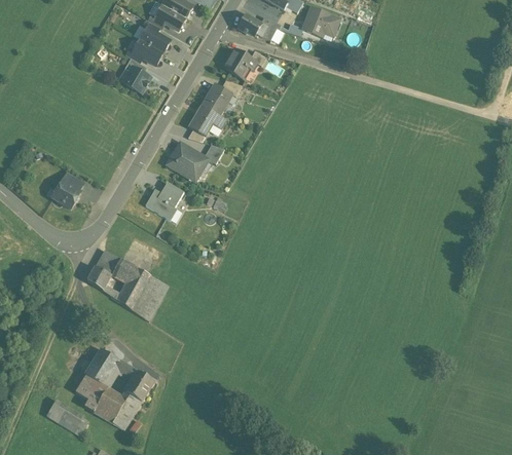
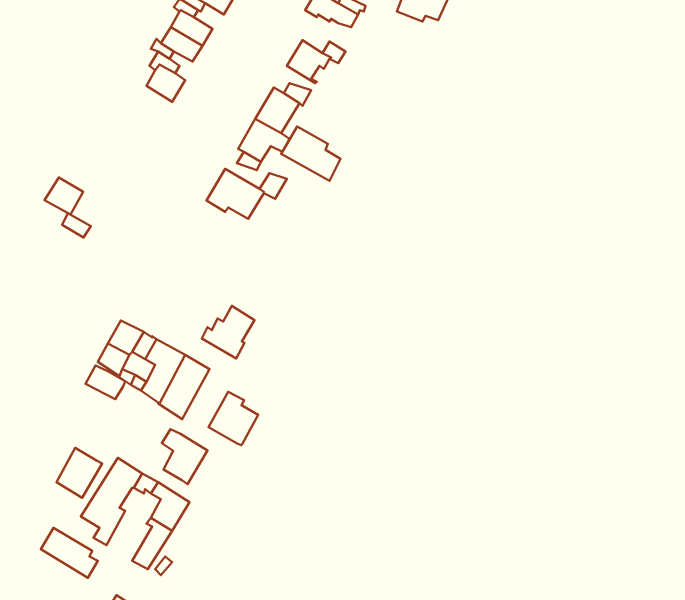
building: none -> [281,126,340,181]
building: [51,181,79,207] -> [45,177,83,215]
building: [145,181,183,219] -> [202,306,255,359]
building: none -> [86,365,125,399]
building: none -> [208,392,258,445]
building: none -> [162,429,207,484]
building: [94,386,126,422] -> [56,448,102,498]

